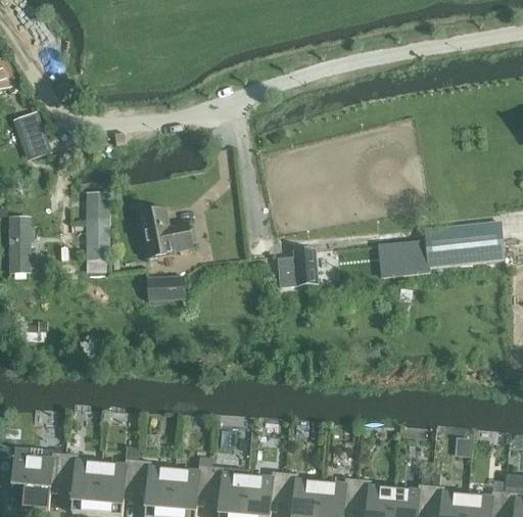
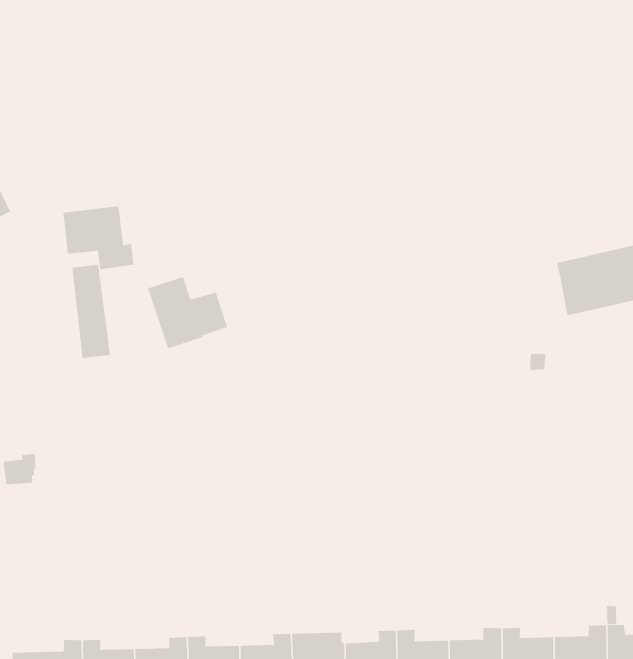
building: none -> [63,206,134,270]
building: [378,239,428,276] -> none
building: [277,249,317,286] -> none
building: [145,275,184,300] -> none

